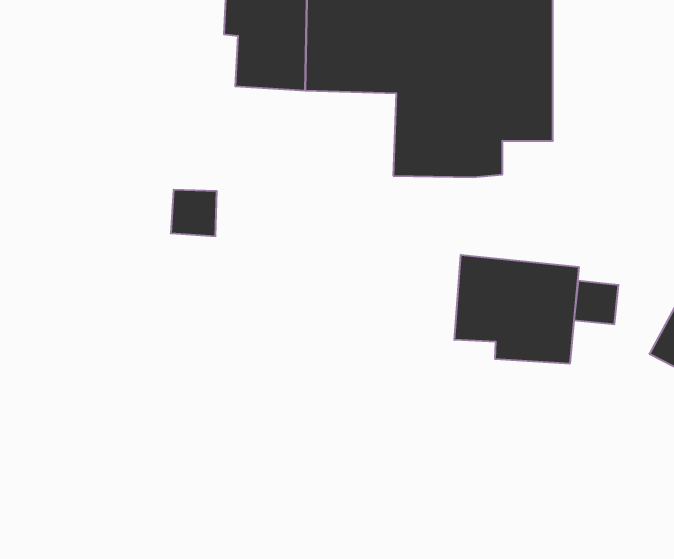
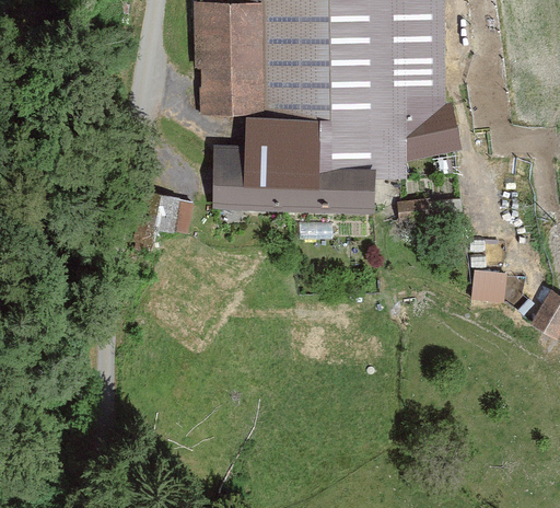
building: none -> [211,115,385,213]
building: [454,255,579,364] -> none

